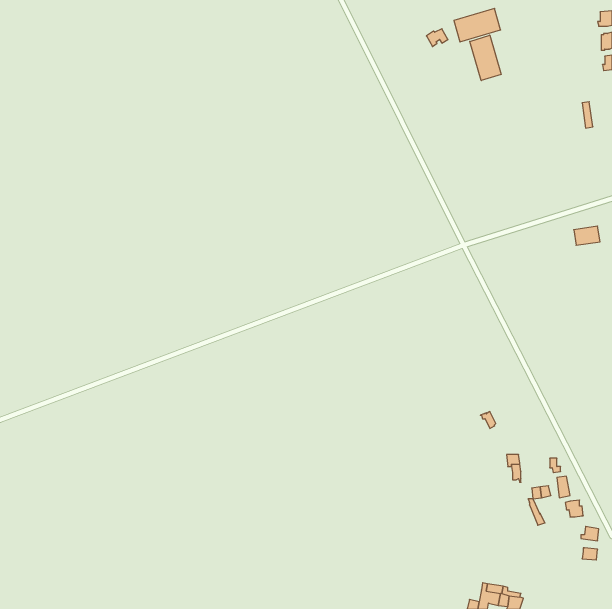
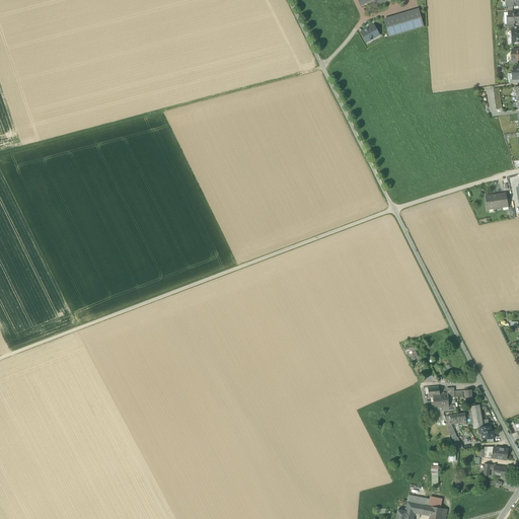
building: [470,35,501,81] -> none

